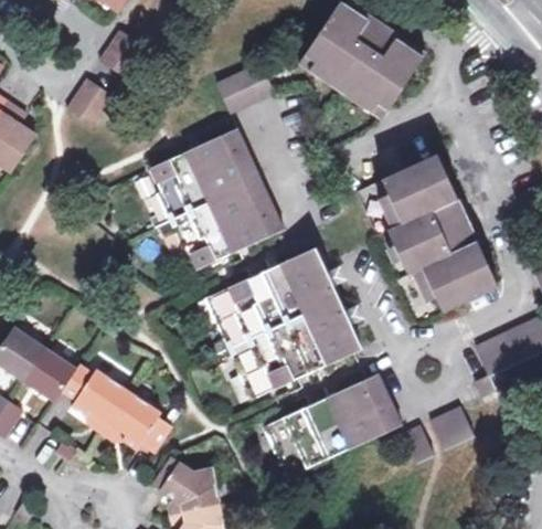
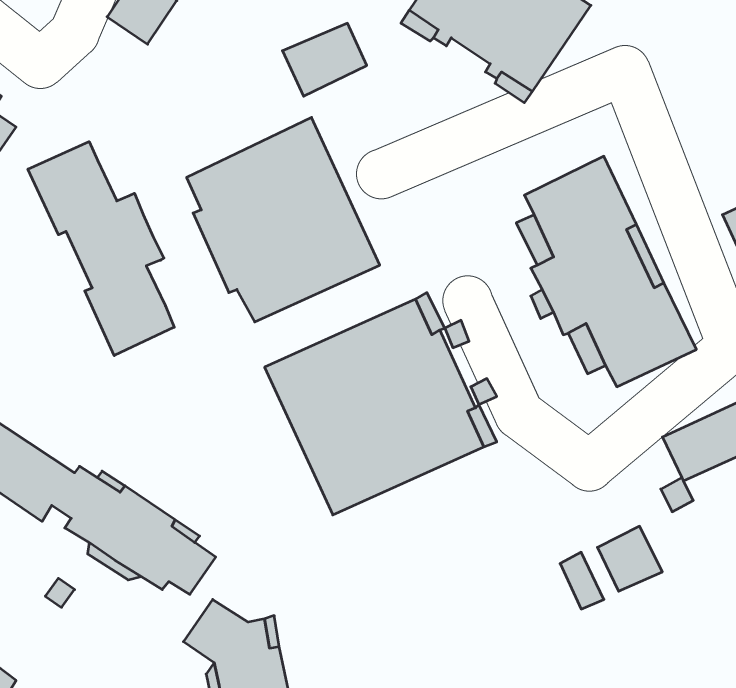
building: [67,78,113,125] -> none
building: none -> [28,142,174,356]
building: [264,372,403,475] -> none

